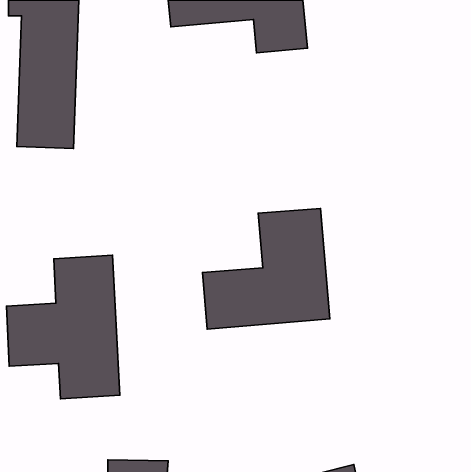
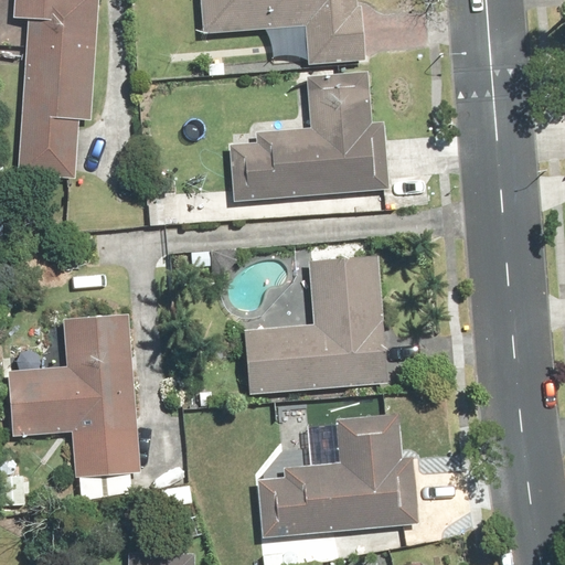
building: none -> [225,74,383,203]
building: none -> [254,409,417,540]

